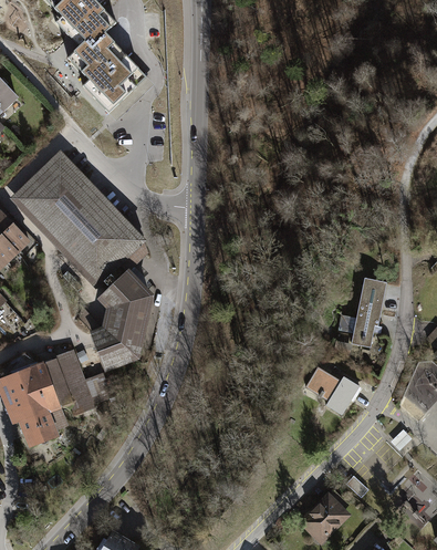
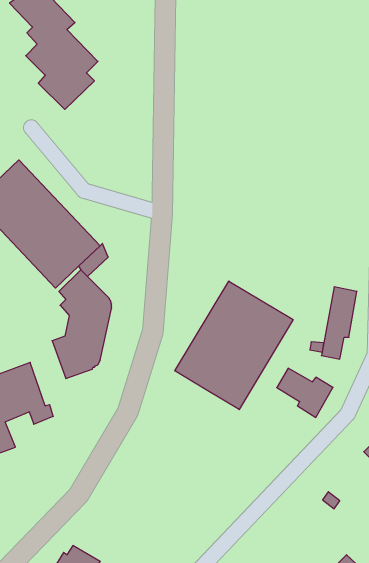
building: none -> [175,281,293,410]
building: [302,496,347,536] -> none

